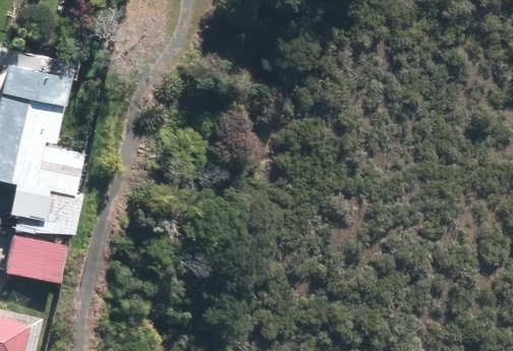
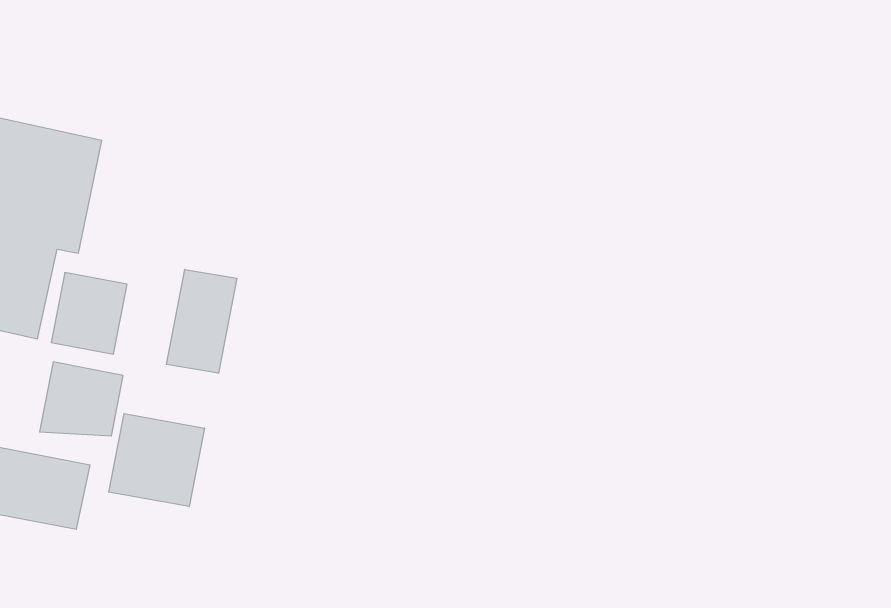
building: none -> [166,269,237,373]
building: none -> [109,414,204,507]

